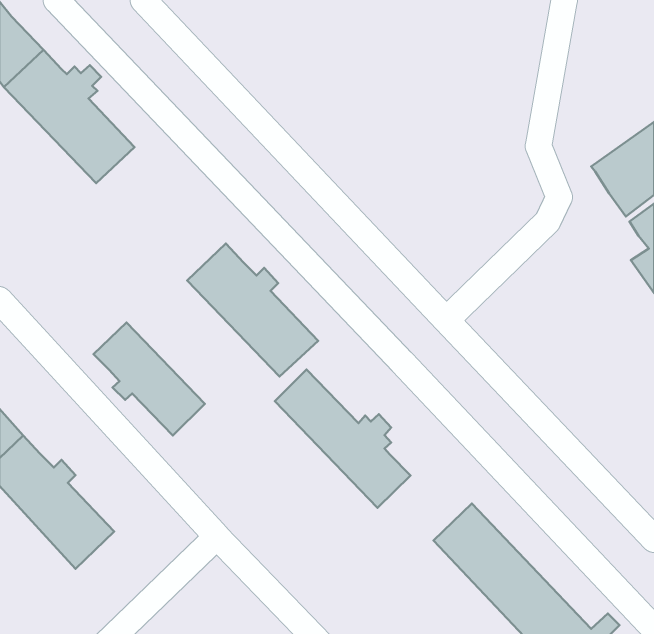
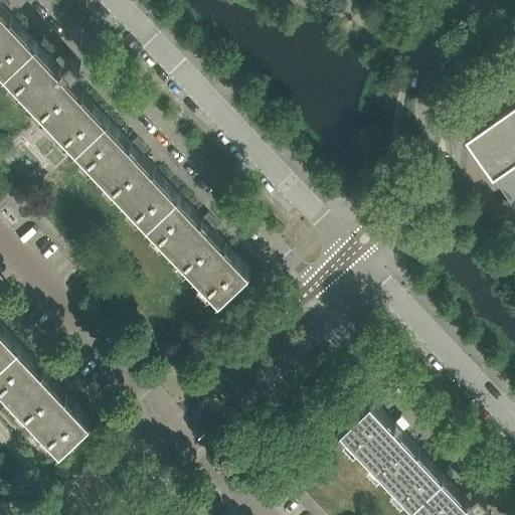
building: none -> [75,132,177,236]
building: [93,323,205,435] -> none
building: [275,370,410,508] -> none

